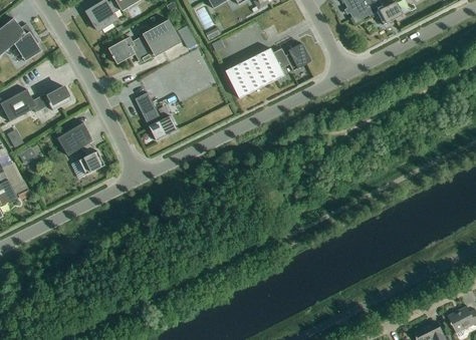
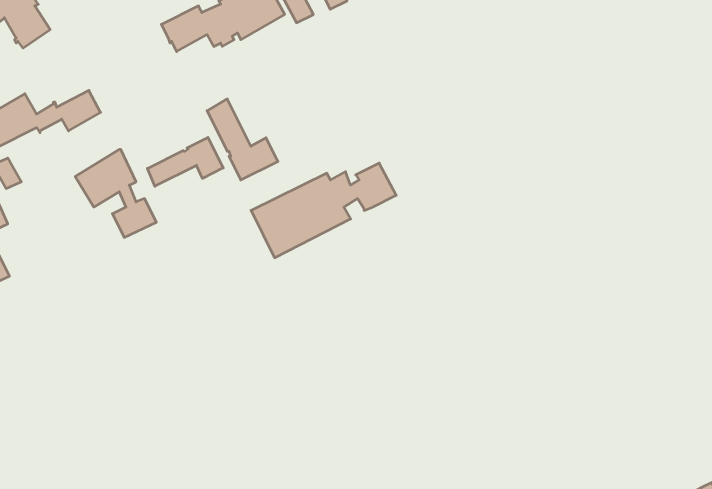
building: [225,42,311,98] -> [251,163,396,258]
building: none -> [147,137,223,186]

